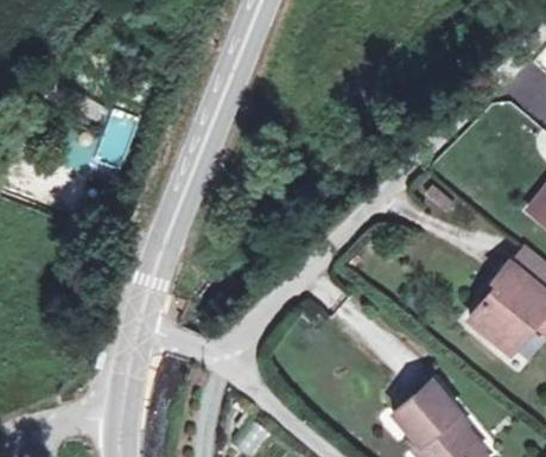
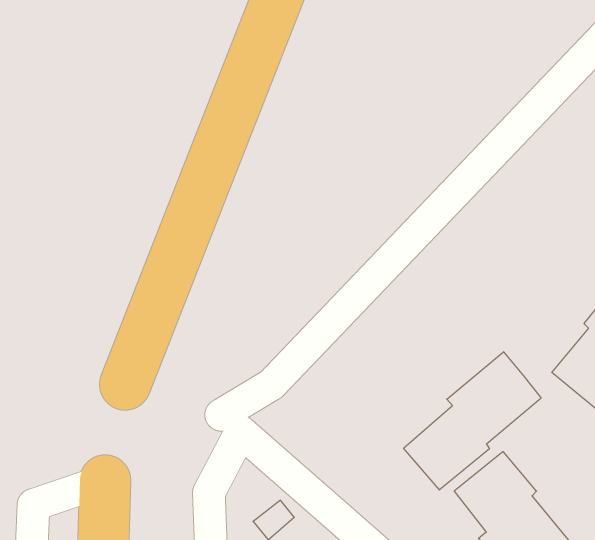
building: none -> [404,352,541,490]

